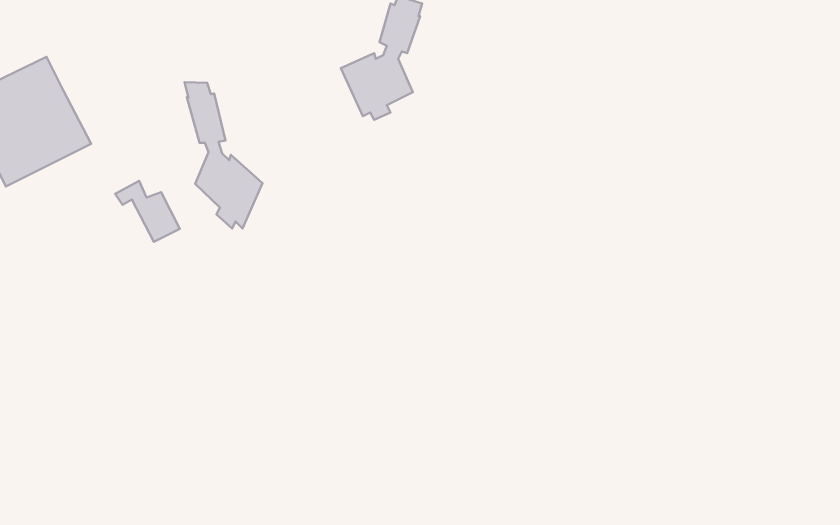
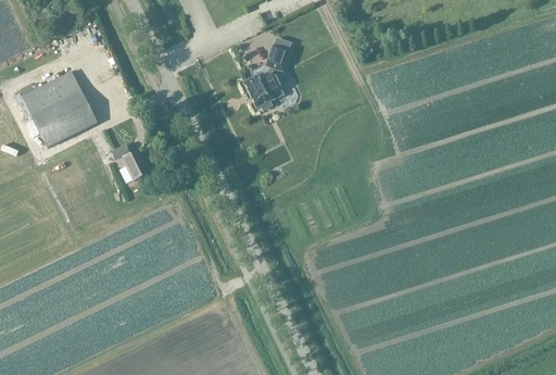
building: [185,82,262,229] -> none

